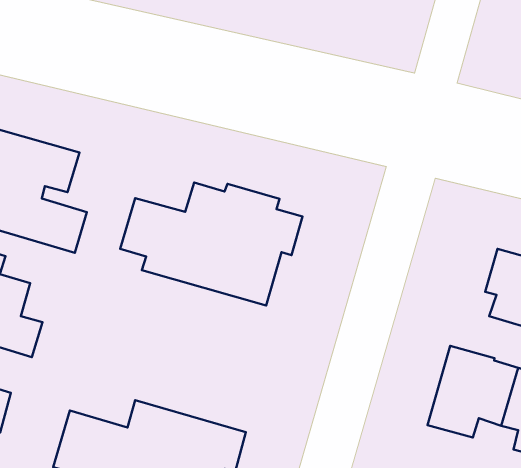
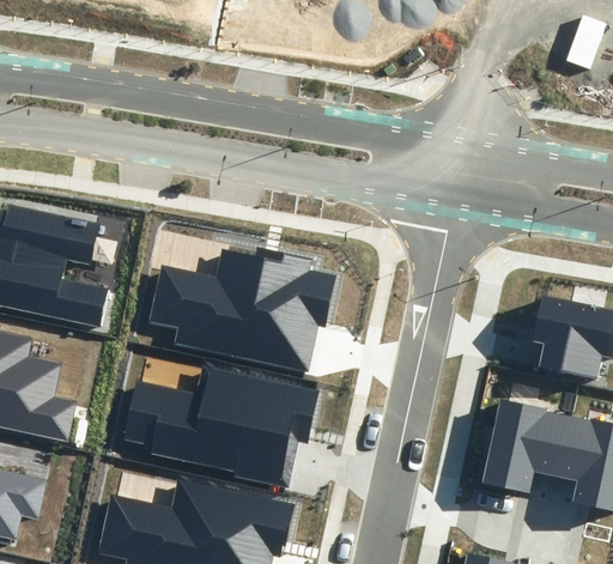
building: none -> [123,365,320,486]

